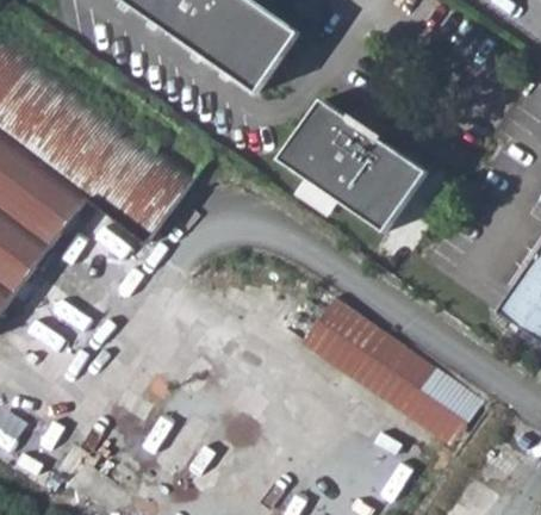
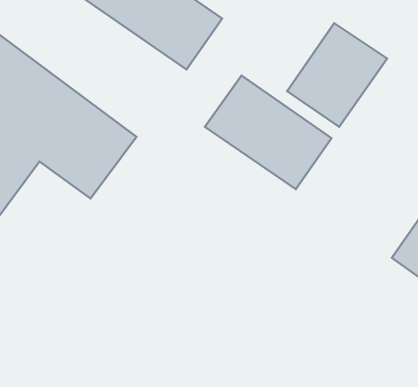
building: none -> [287,23,387,127]
building: [301,298,480,446] -> none

